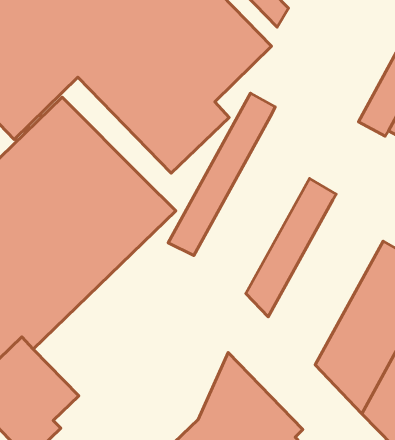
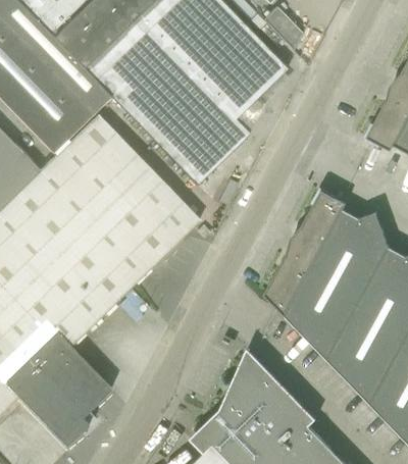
building: [168,93,275,256] -> none
building: none -> [284,210,389,361]

